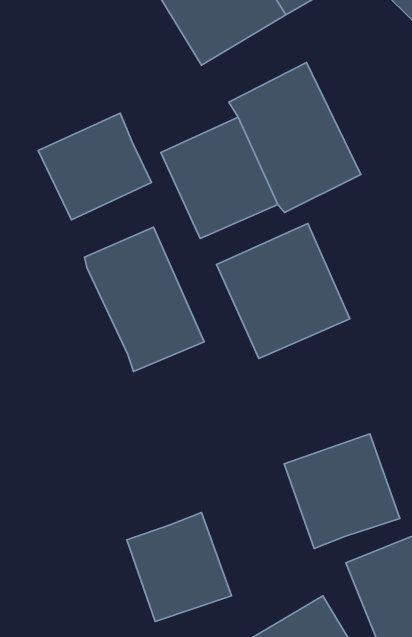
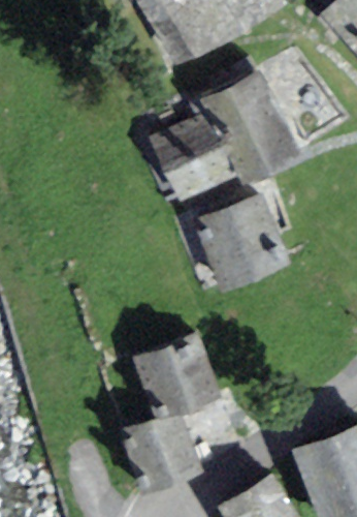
building: [38,113,151,220] -> none
building: [85,227,204,372] -> none
building: [284,434,400,548] -> [133,333,221,420]

